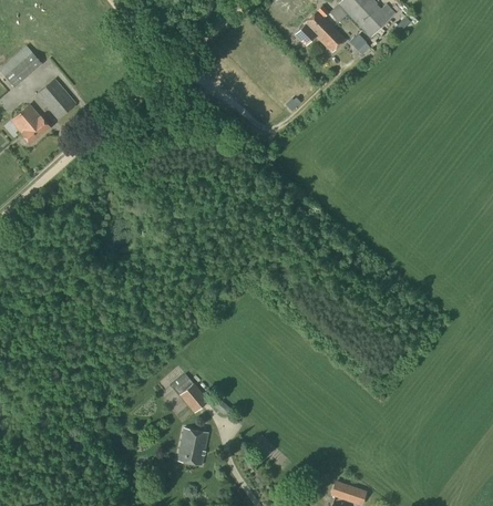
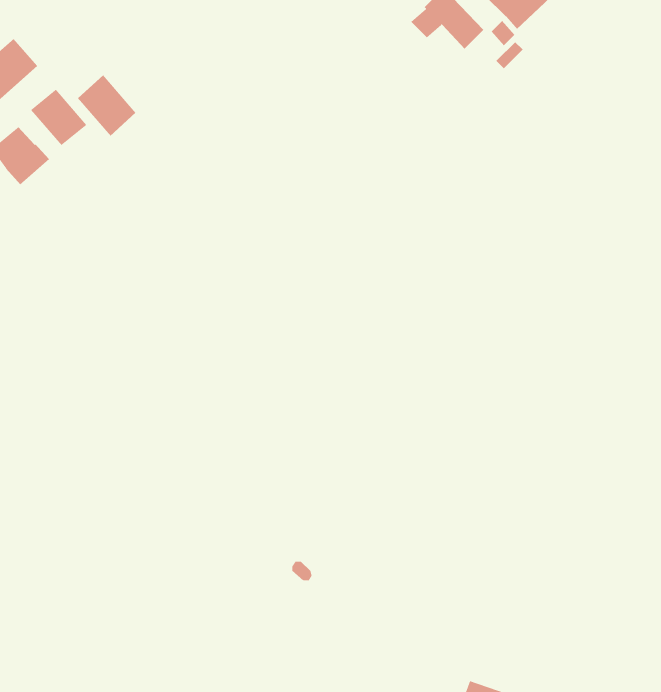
building: none -> [77,75,136,137]
building: [172,374,207,412] -> none
building: [177,428,207,465] -> none

